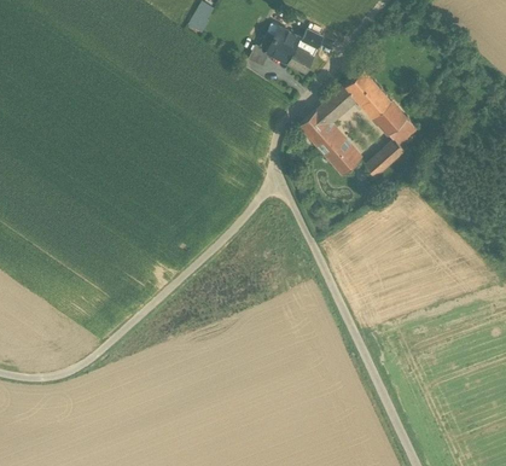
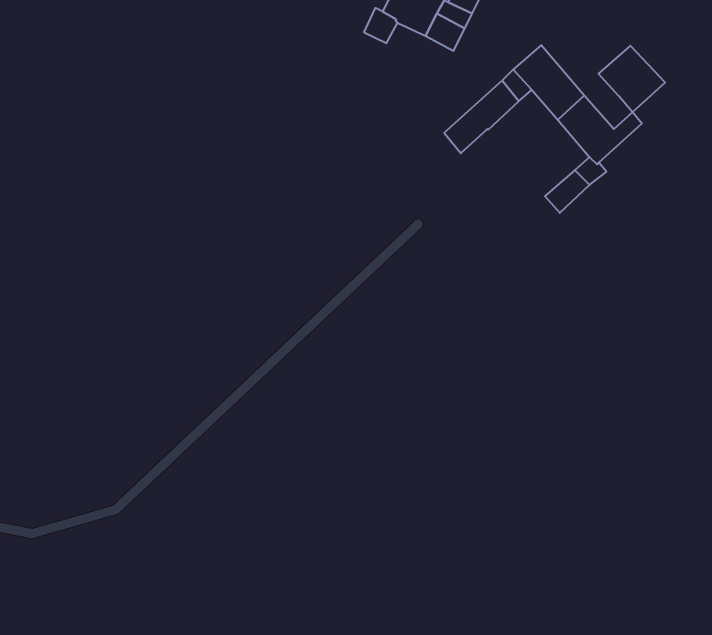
building: none -> [599,46,665,112]
building: [310,124,360,176] -> none

